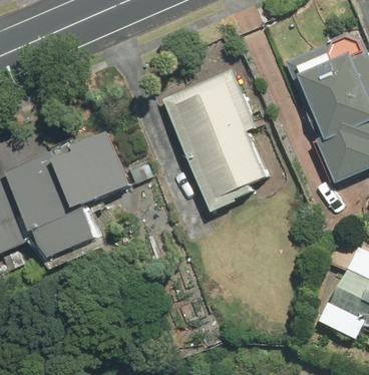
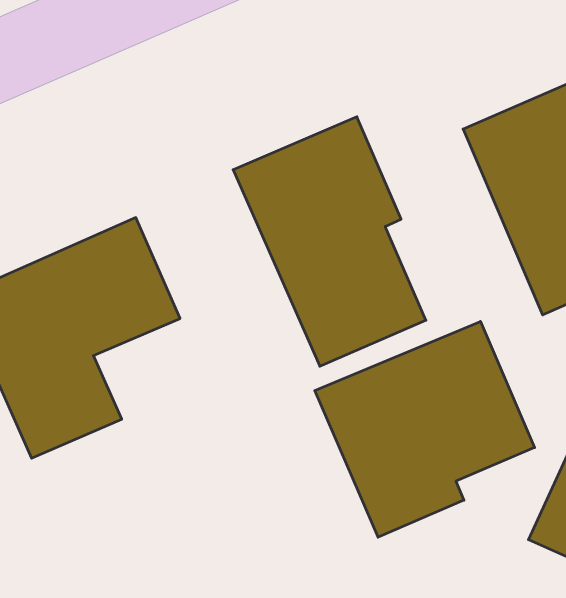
building: none -> [315,321,535,537]

